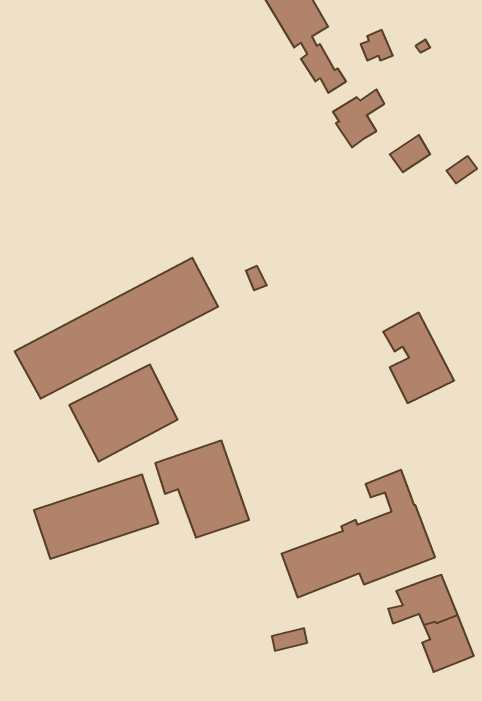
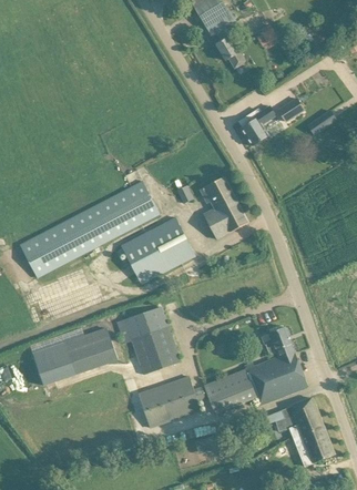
building: [333,89,384,147] -> [238,105,274,145]
building: [383,313,454,403] -> [198,176,247,238]
building: [69,365,178,462] -> [120,217,194,284]
building: none -> [137,376,205,427]

